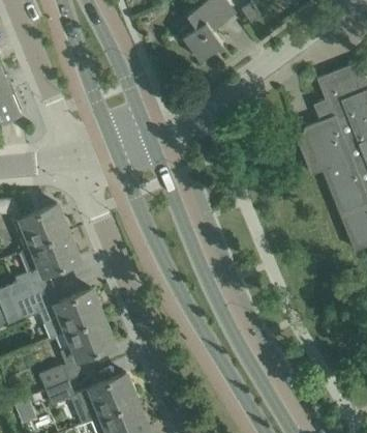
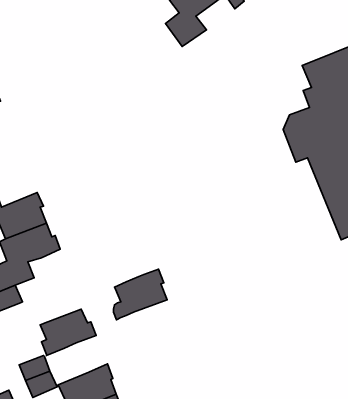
building: [48,289,100,339] -> [113,269,167,320]

